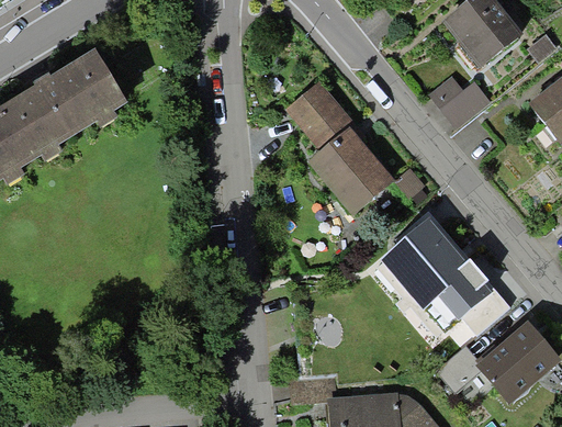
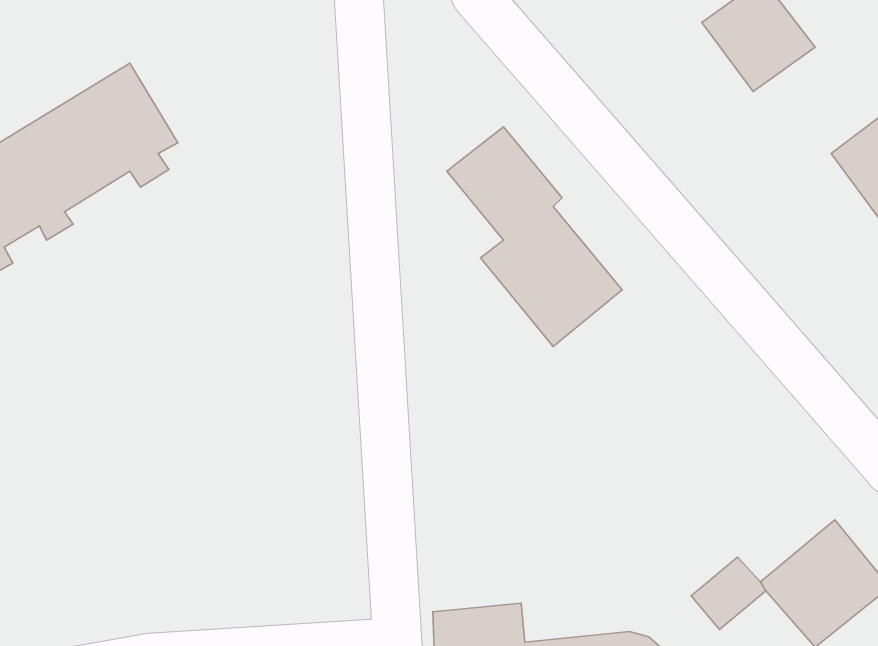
building: [432,74,491,124] -> none
building: [375,209,514,345] -> none

